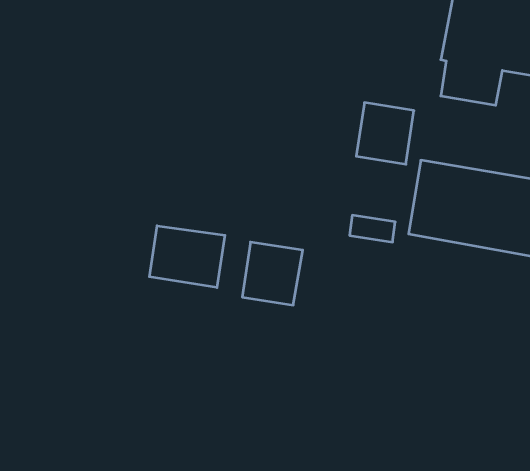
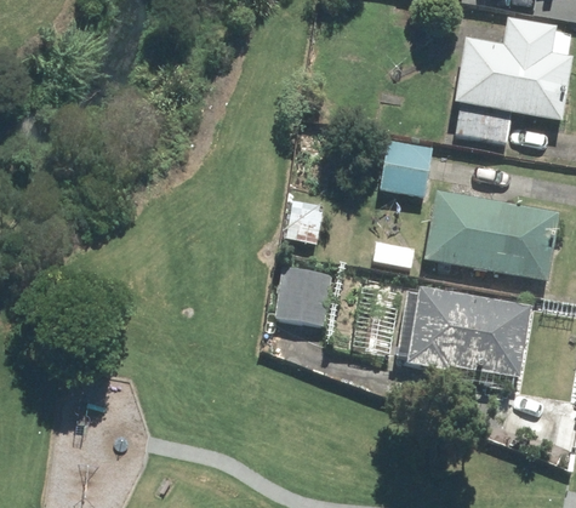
building: [149,226,225,288] -> none
building: none -> [407,289,530,376]

